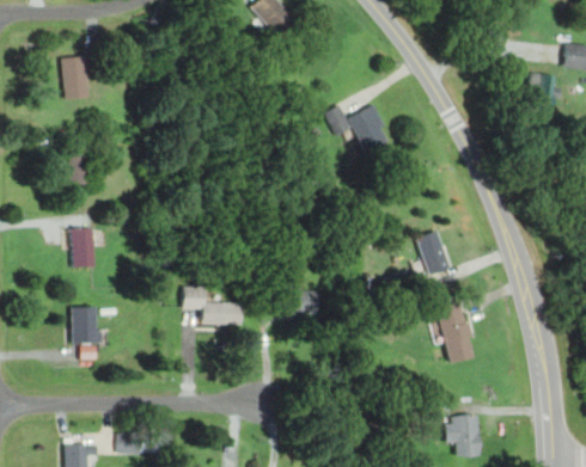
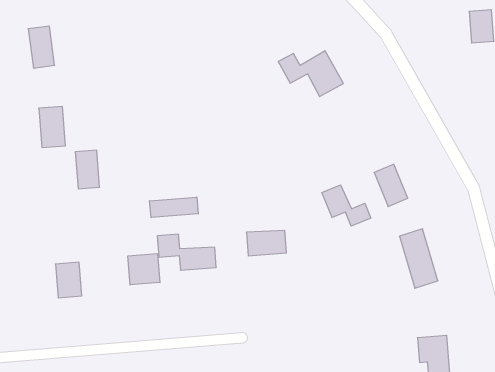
building: [71,228,93,268] -> [75,150,100,189]
building: none -> [322,185,371,226]
building: none -> [150,197,198,218]
building: none -> [128,254,160,285]

